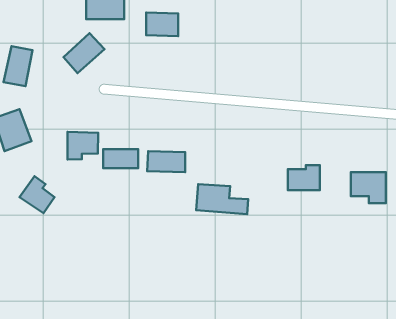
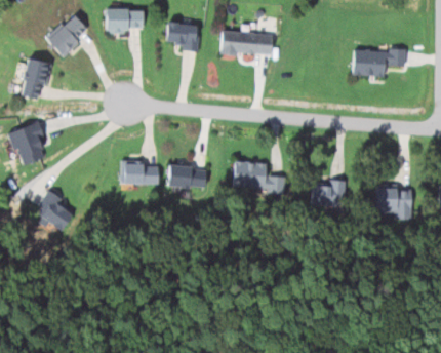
building: none -> [221,32,273,55]
building: [63,33,104,73] -> [47,15,89,56]
building: none -> [353,48,406,77]
building: [68,132,98,159] -> none
building: [196,184,248,214] -> [233,161,286,192]

